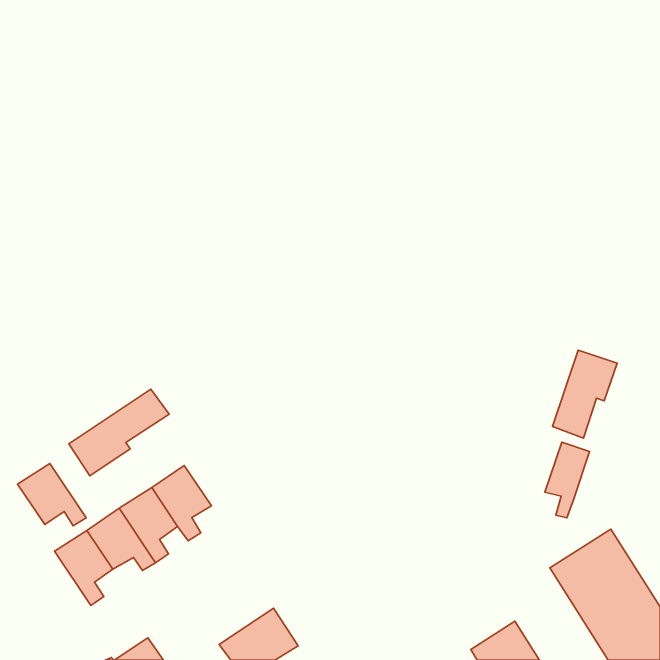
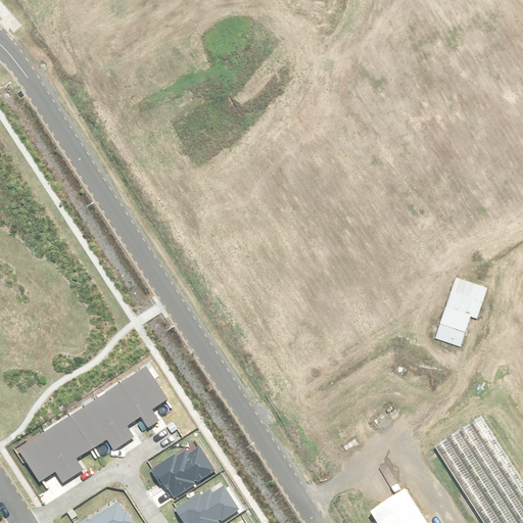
building: [69,389,169,476] -> none
building: [545,442,590,518] -> none
building: [18,464,86,526] -> [17,434,72,483]
building: none -> [151,448,212,500]

